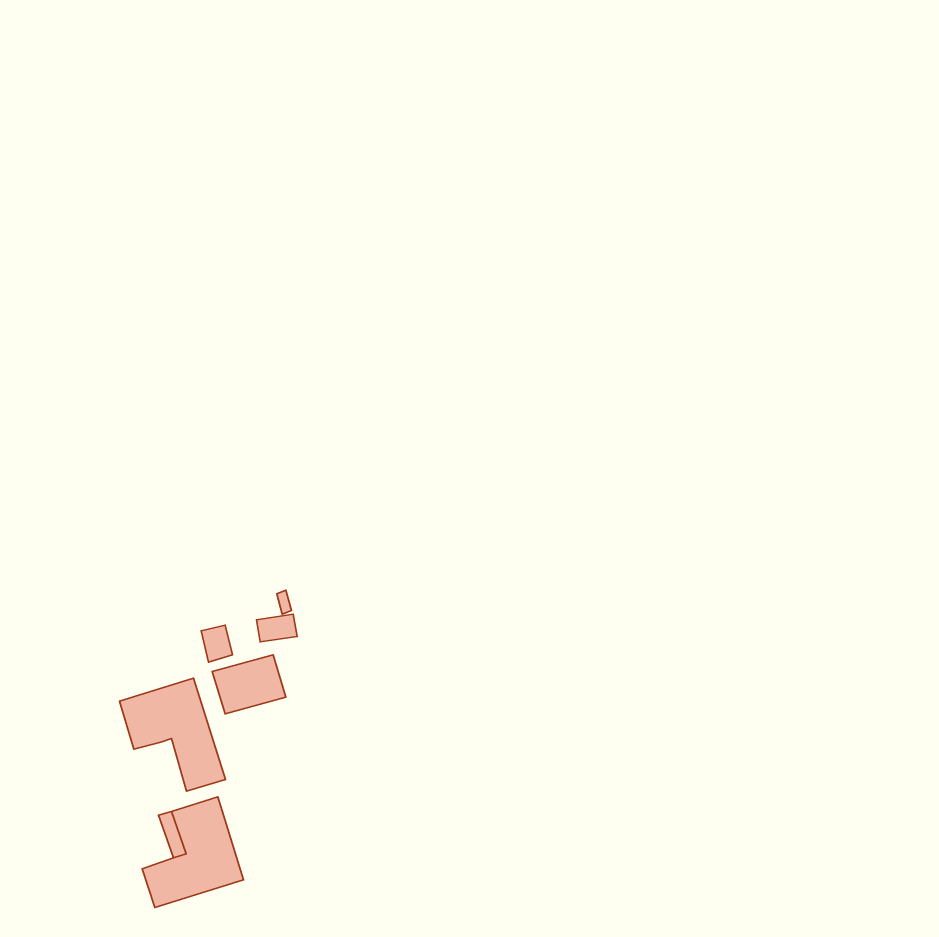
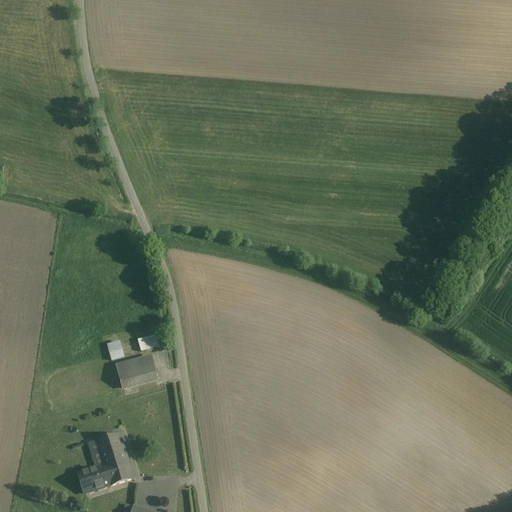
building: [120,678,225,791] -> none

